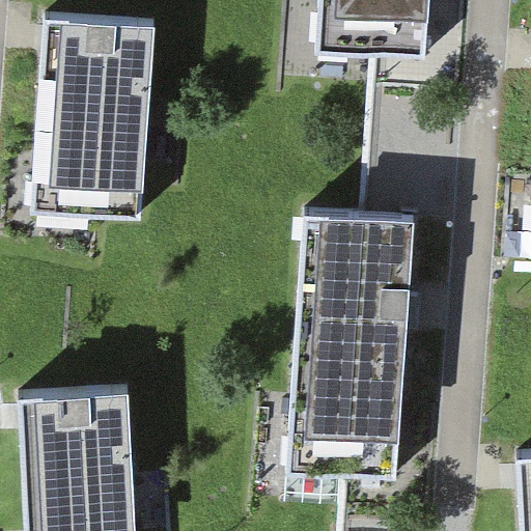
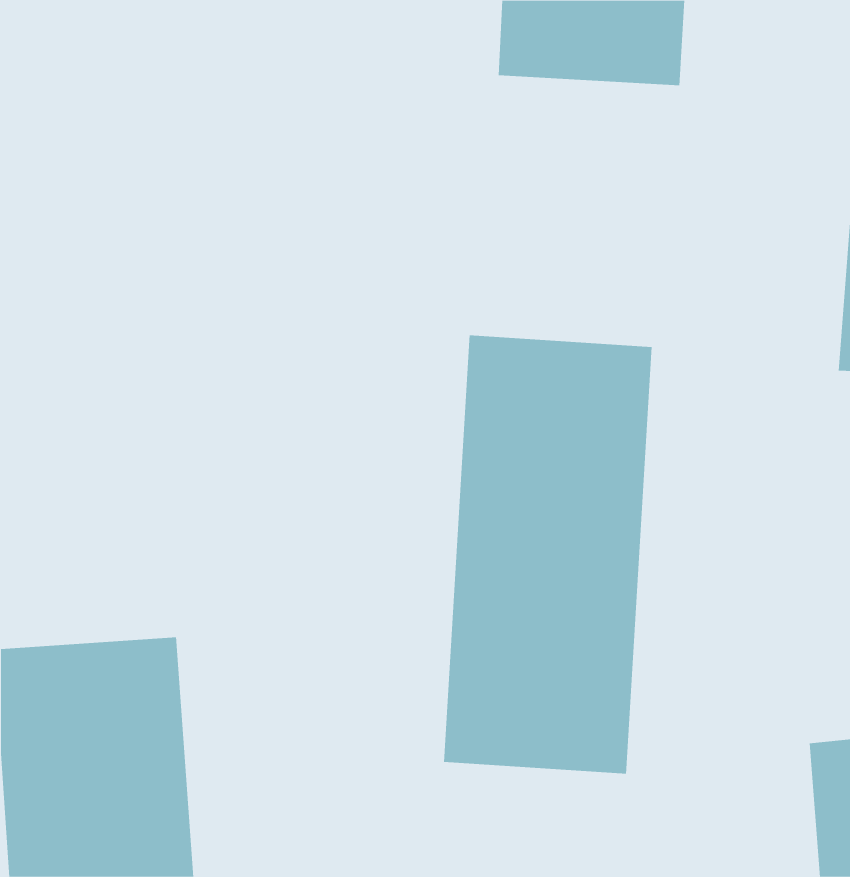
building: [23,12,150,213] -> none

